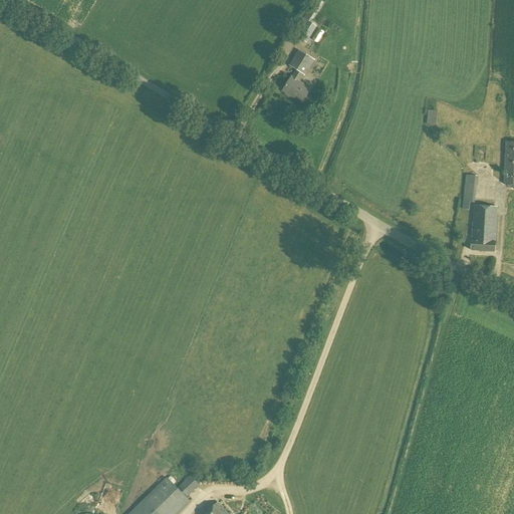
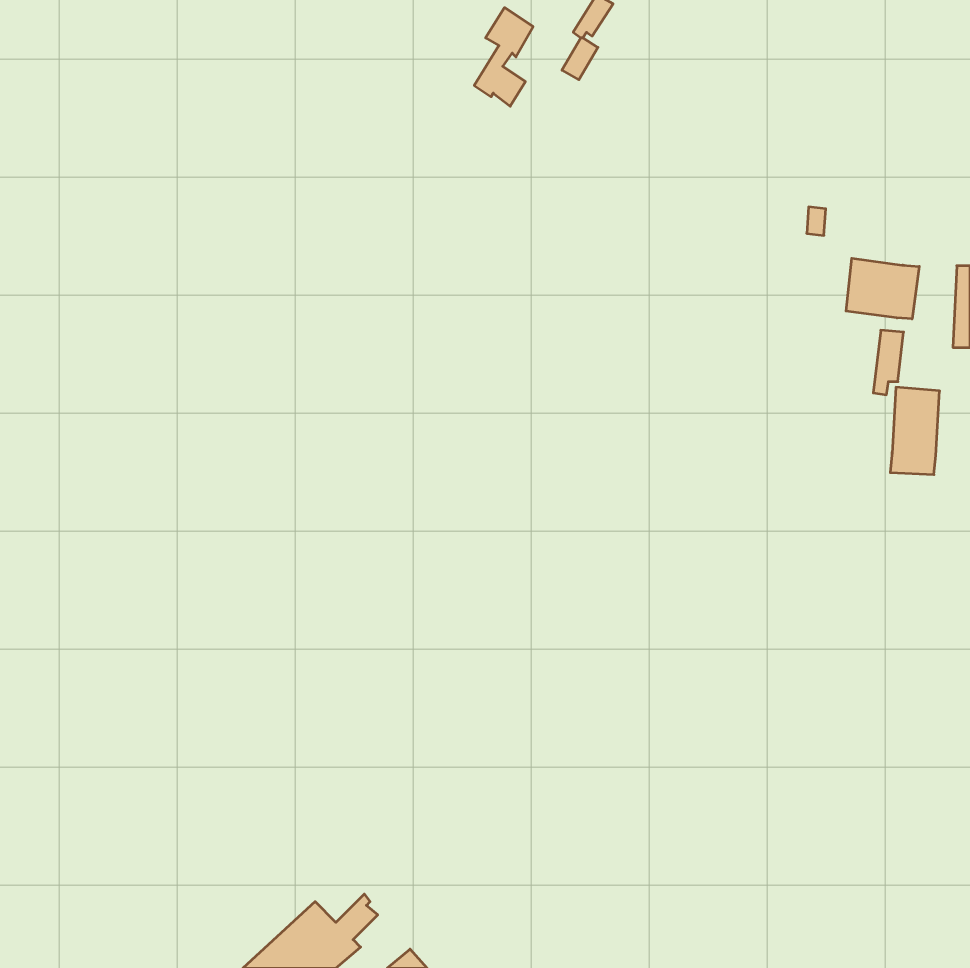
building: [283,49,314,101] -> [474,8,533,106]
building: none -> [846,258,919,319]

